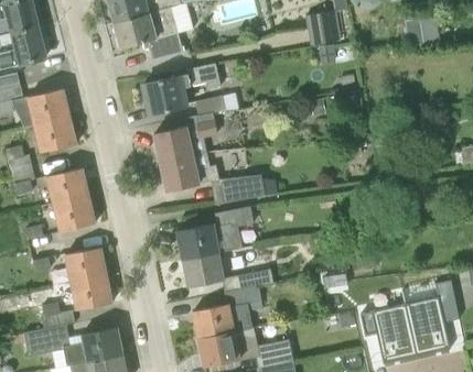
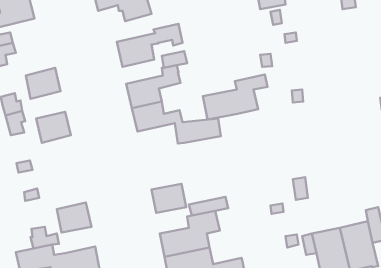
building: [29,88,69,124] -> none
building: [54,195,95,231] -> none
building: [178,206,254,259] -> [203,75,268,120]
building: [66,247,106,282] -> none

